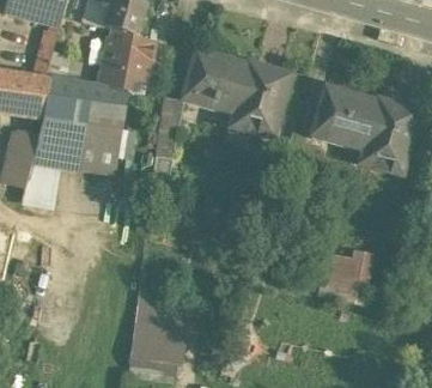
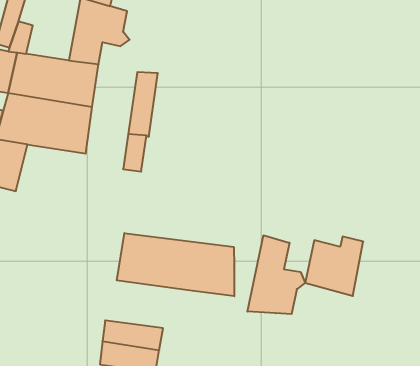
building: [183,49,290,138] -> none
building: [314,86,419,172] -> none
building: none -> [117,233,234,296]
building: none -> [247,235,305,314]

